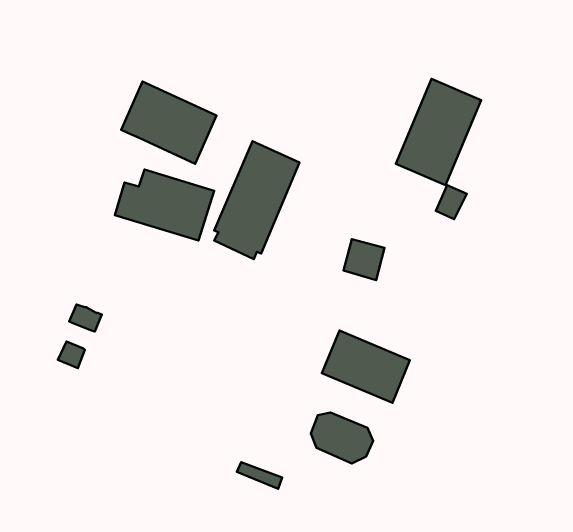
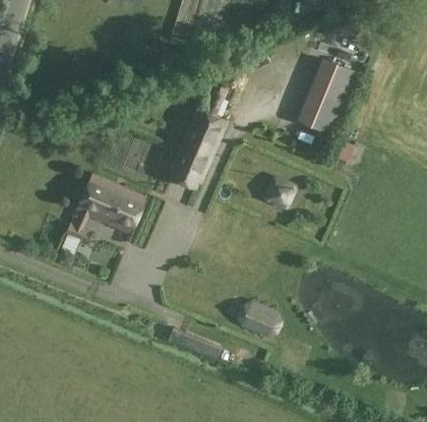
building: [121,81,216,164] -> [74,174,142,233]
building: [322,330,410,403] -> none

